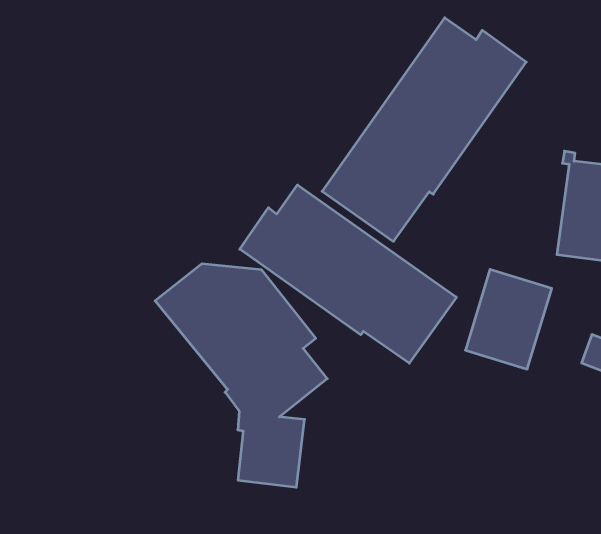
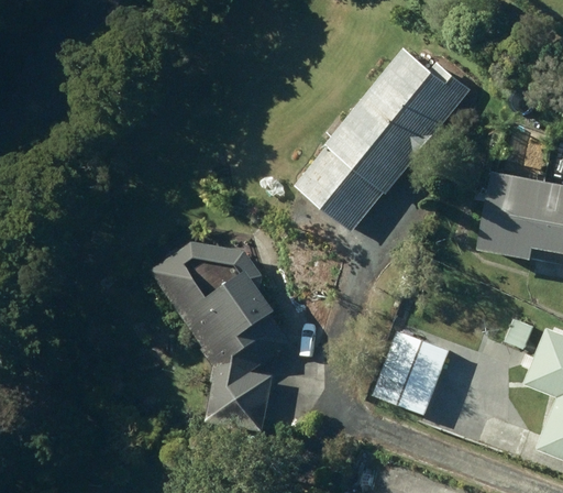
building: [240,185,456,363] -> none
building: [465,269,552,369] -> [371,330,445,415]

